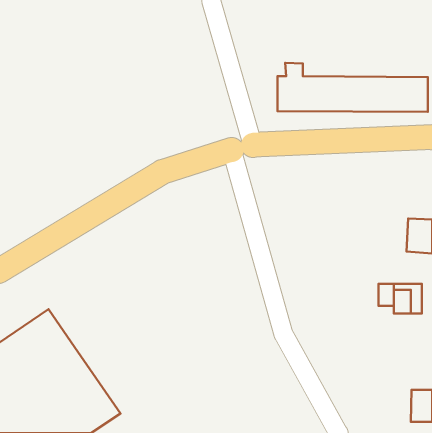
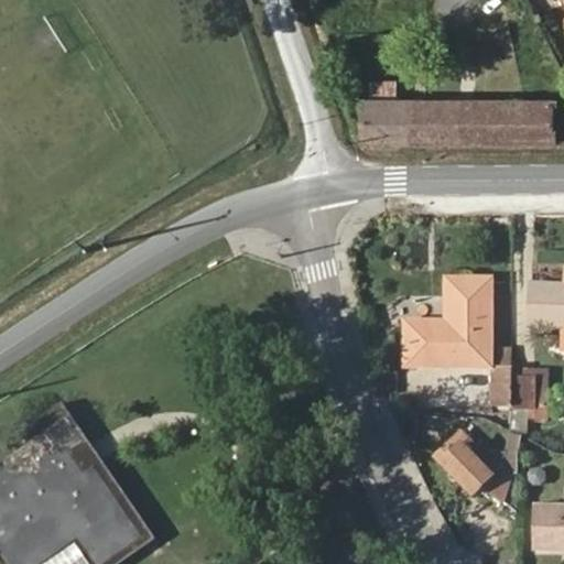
building: none -> [404,280,490,367]
building: none -> [435,438,510,501]

